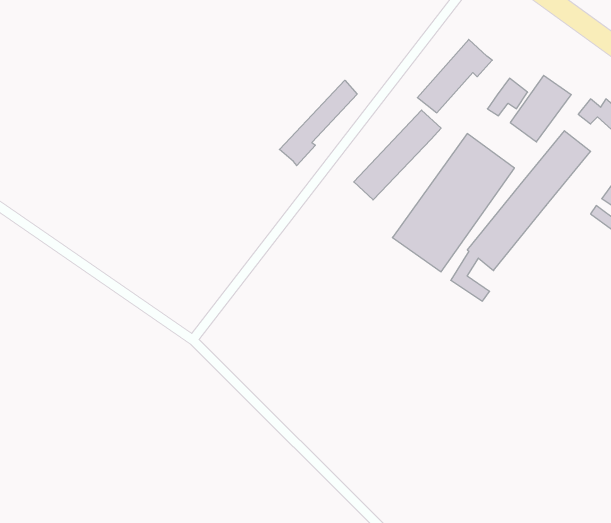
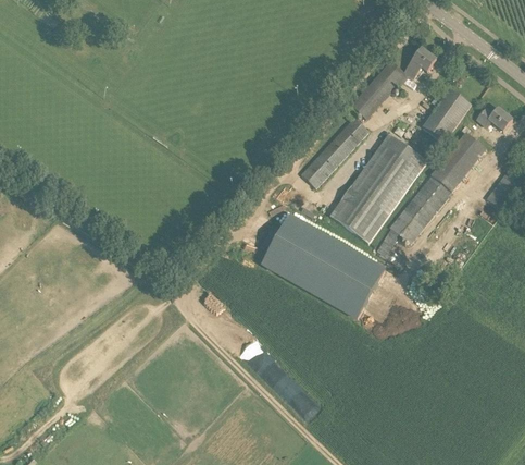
building: [487,78,528,116] -> [404,47,436,76]
building: [279,80,357,166] -> none
building: none -> [262,215,385,317]

